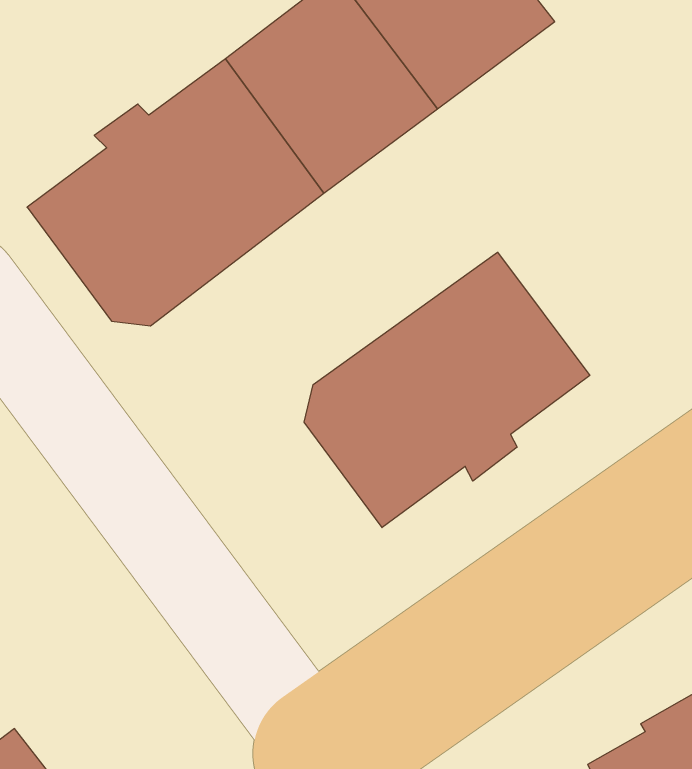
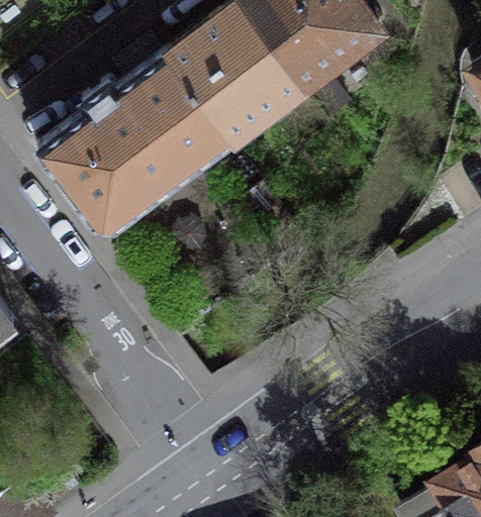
building: [304,252,590,528] -> none

